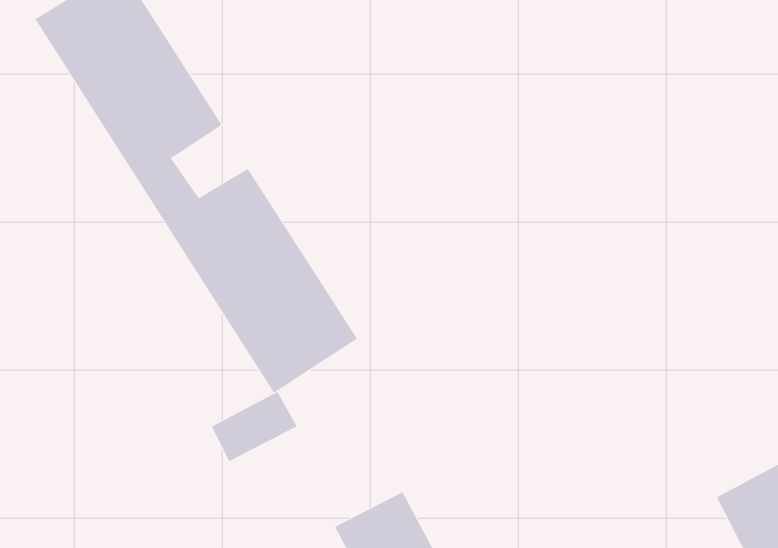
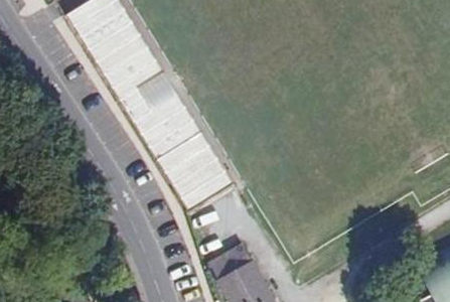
building: none -> [135,70,174,108]
building: [211,391,297,462] -> [209,241,254,277]

